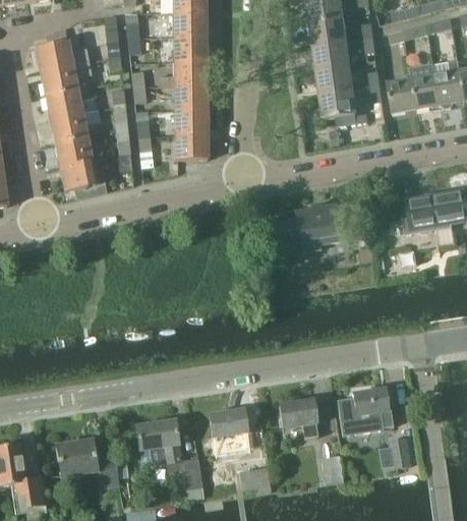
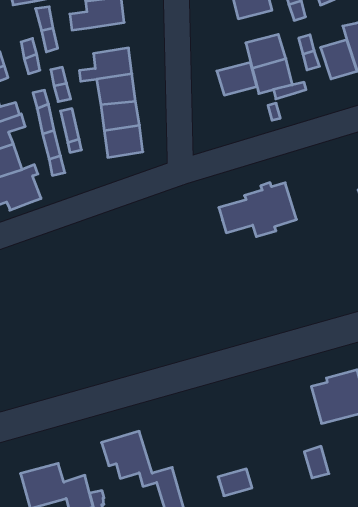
building: [173,36,208,61] -> none
building: [313,42,349,69] -> [217,62,257,95]
building: [277,398,317,438] -> none
building: [208,408,249,447] -> none

